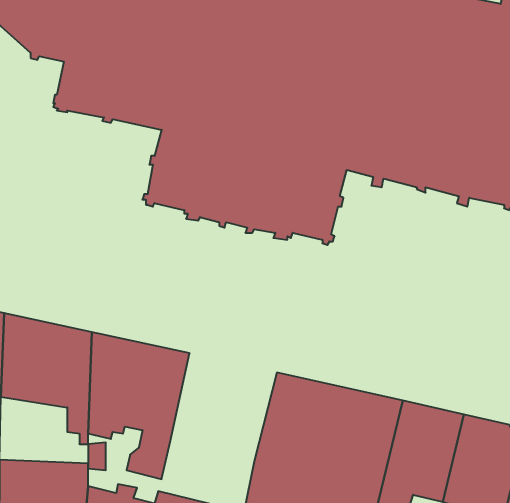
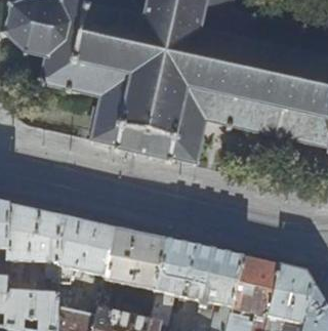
building: none -> [106,230,168,293]

